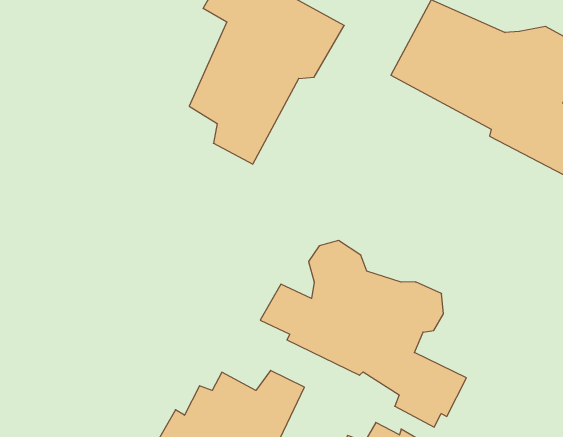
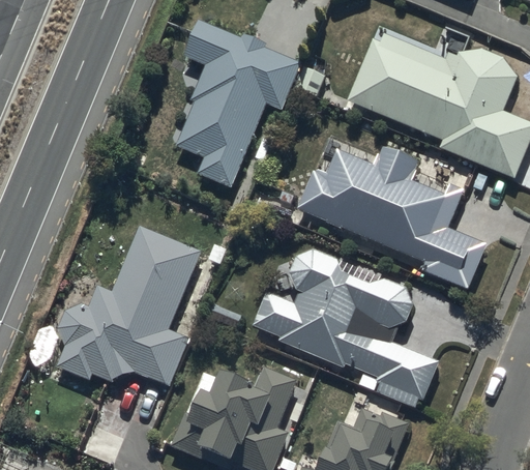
building: none -> [298,147,487,289]
building: none -> [58,226,200,388]

